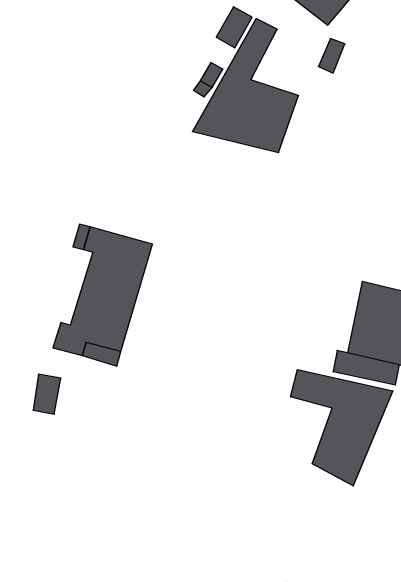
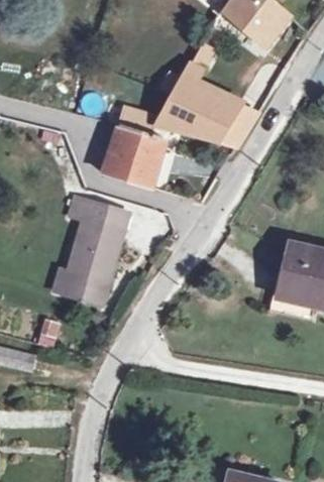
building: none -> [113,110,174,191]
building: [291,370,393,486] -> none

